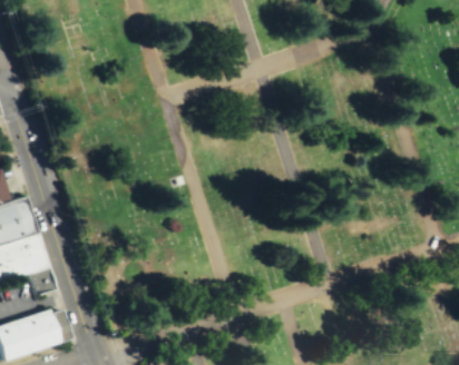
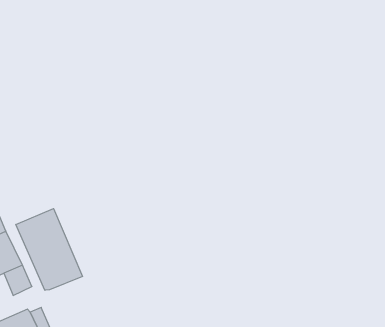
building: none -> [16,209,82,290]

